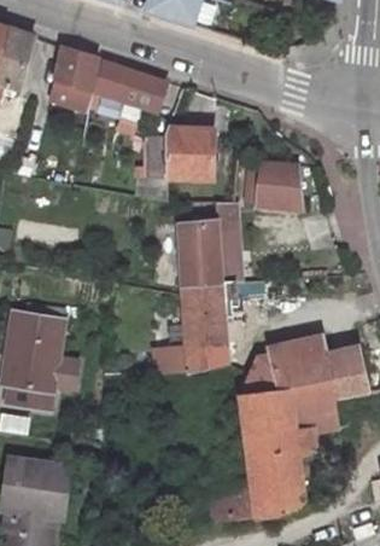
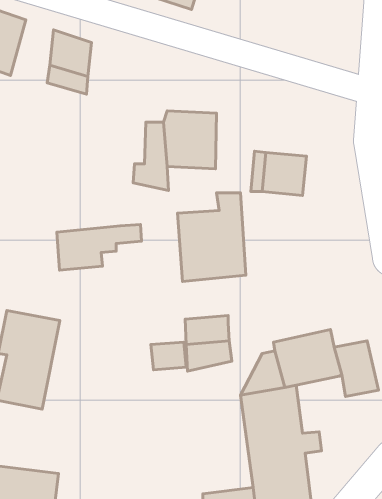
building: [103,62,165,111] -> none
building: [182,279,263,323] -> [57,225,142,270]
building: [291,377,338,431] -> none

